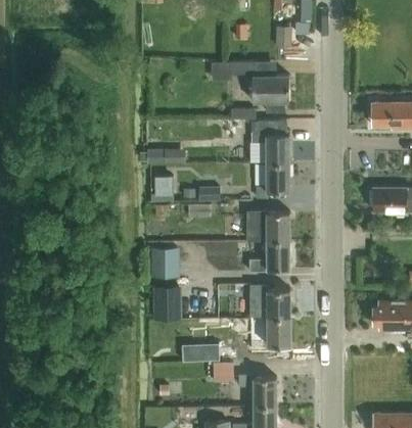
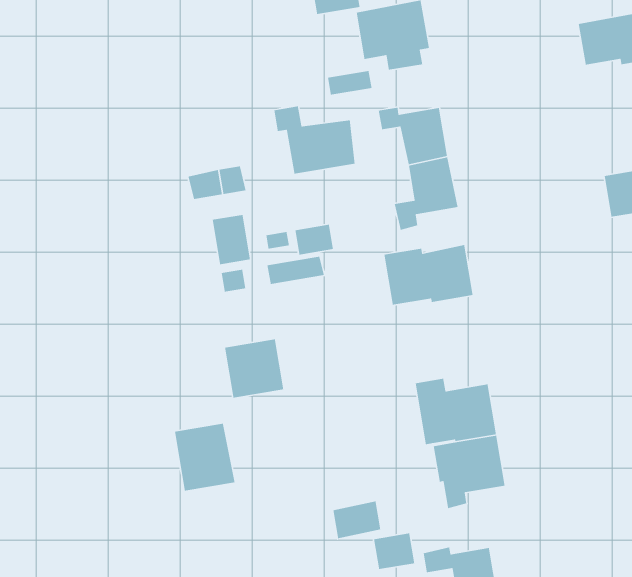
building: none -> [273,106,356,175]
building: [248,240,289,270] -> none
building: [152,285,181,319] -> [174,423,236,492]

